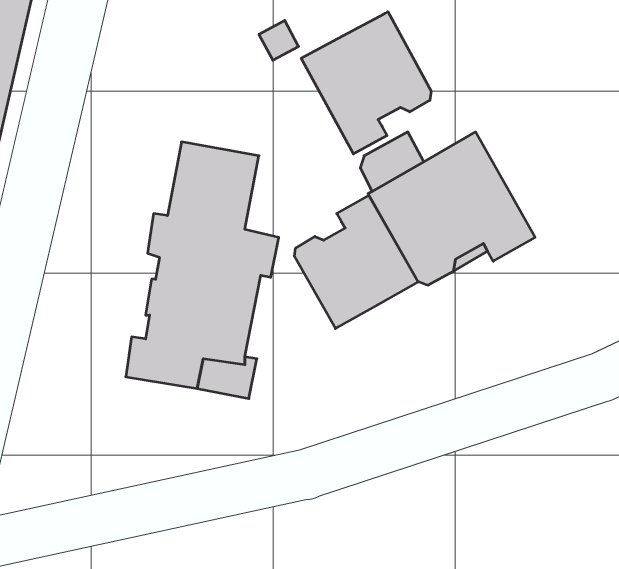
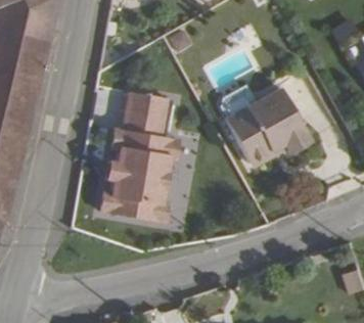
building: [301,12,431,154] -> none
building: [295,195,418,329] -> none

